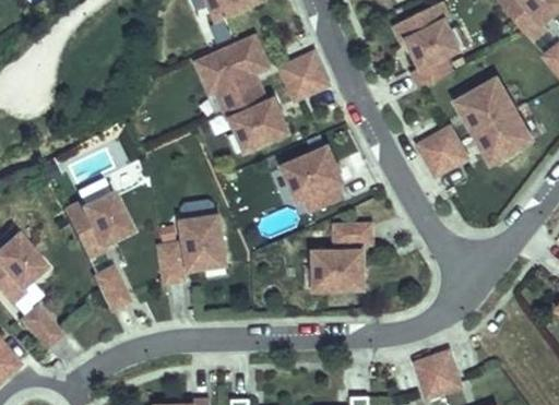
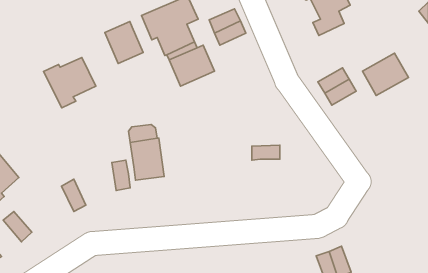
building: none -> [105,21,143,63]
building: [455,79,513,131] -> none
building: [283,146,342,212] -> none
building: [62,192,128,255] -> [44,58,96,108]
building: [313,250,362,287] -> none

